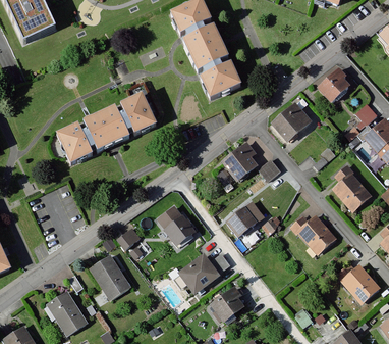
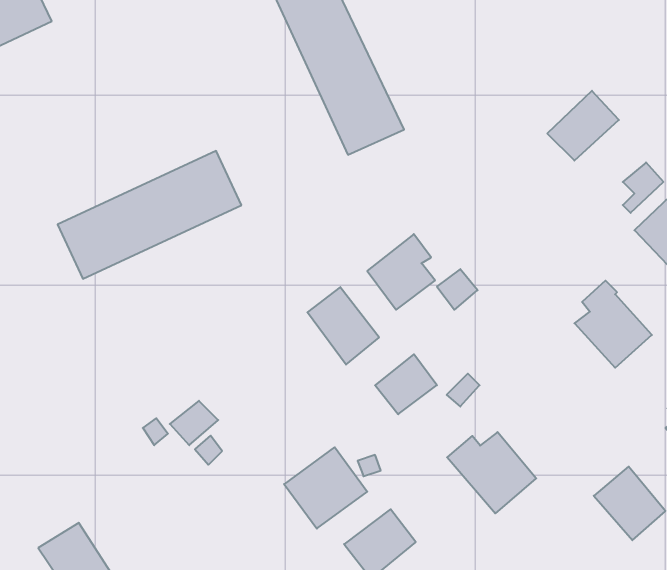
building: [270,100,311,141] -> none
building: [156,203,193,244] -> [307,287,379,365]
building: [289,212,336,255] -> [447,432,536,513]
building: [92,257,133,302] -> none

